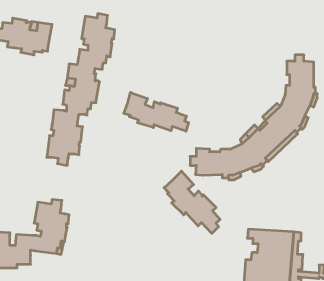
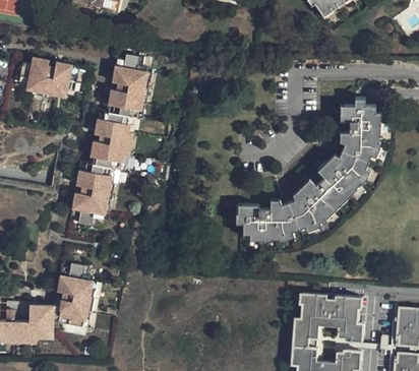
building: [124,92,189,131] -> none
building: [164,171,220,233] -> none

